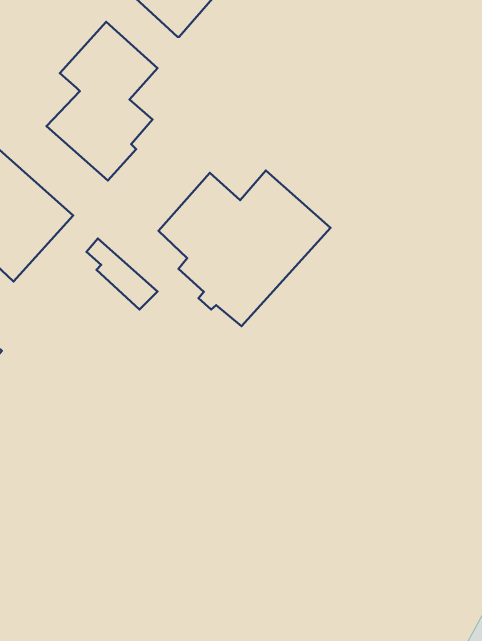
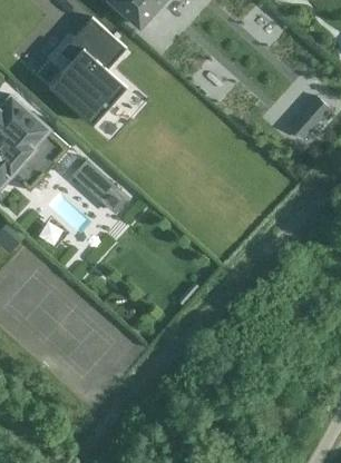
building: none -> [285,98,325,141]
building: [158,170,330,326] -> none

